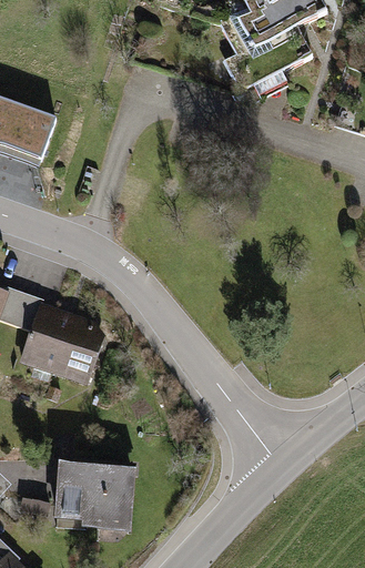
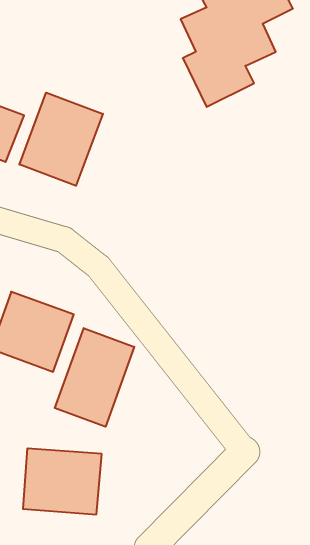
building: none -> [19,93,103,186]
building: none -> [55,328,134,427]

